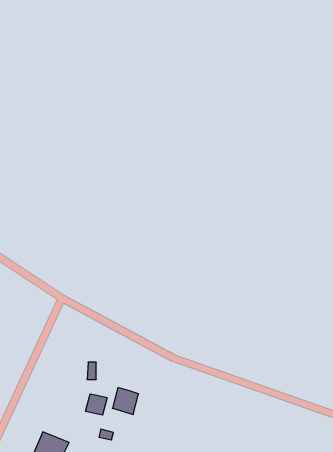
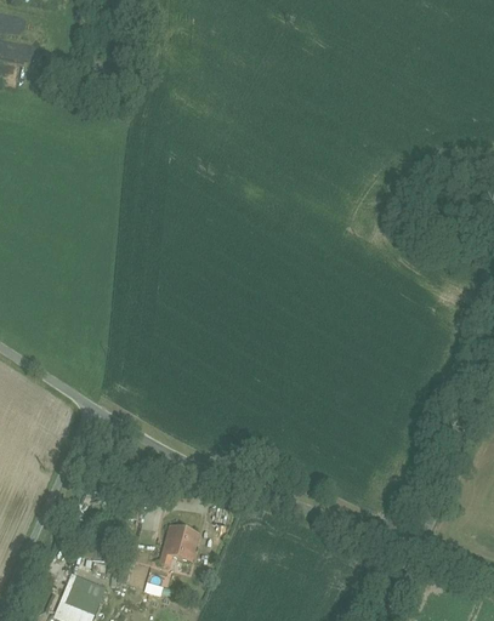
building: [86,394,107,415] -> none

